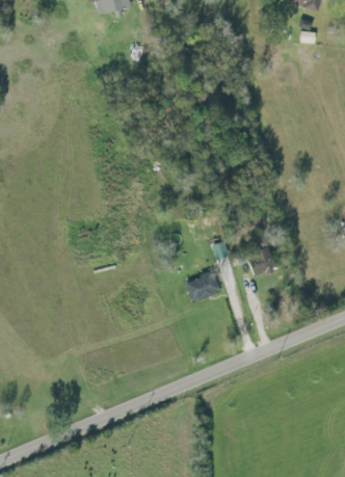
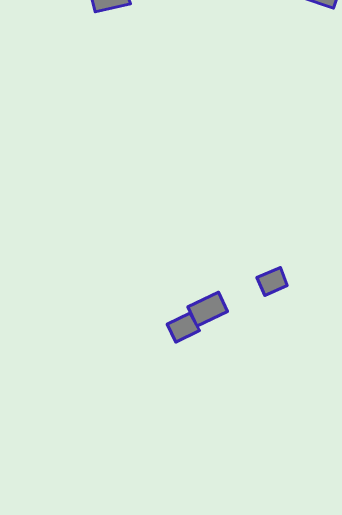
building: none -> [167,313,199,342]

